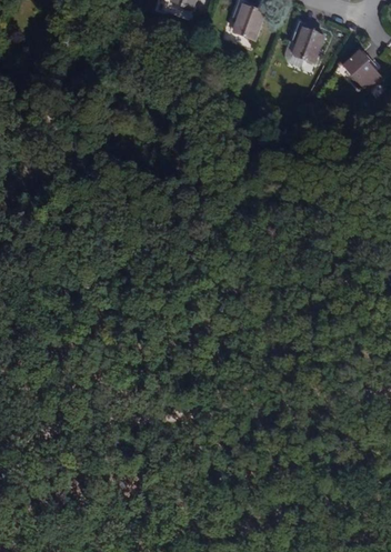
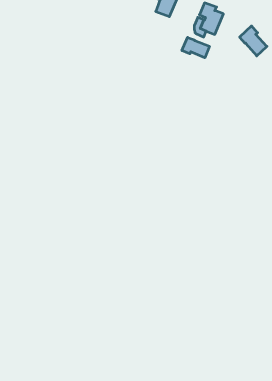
building: none -> [182,37,209,58]

